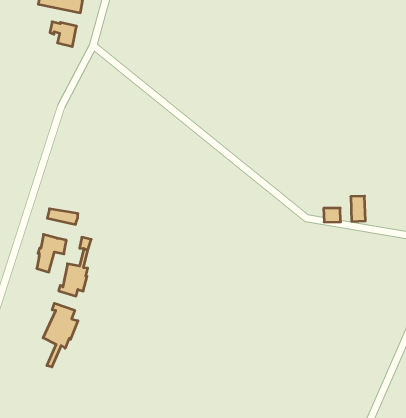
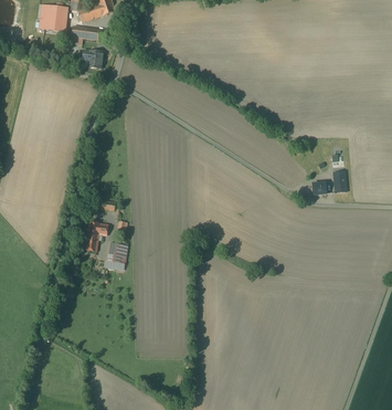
building: [43,303,78,367] -> none

